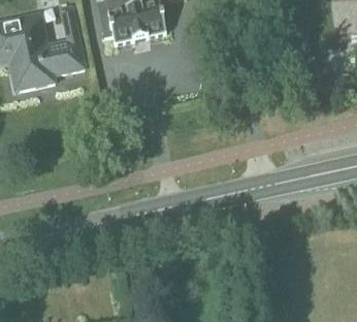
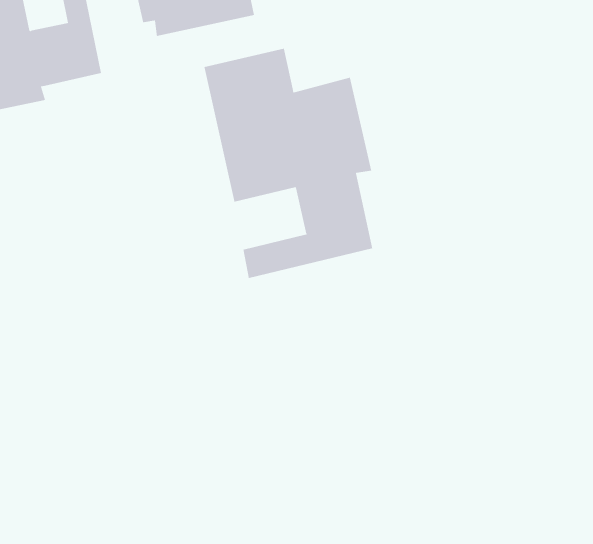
building: none -> [204,48,373,279]

